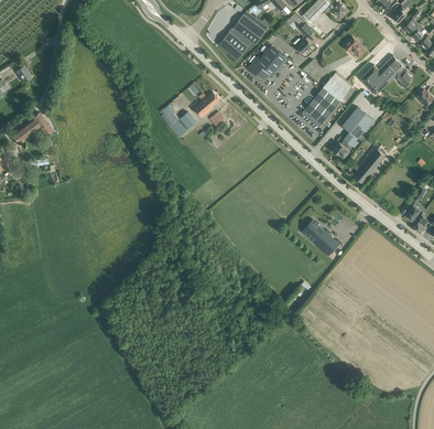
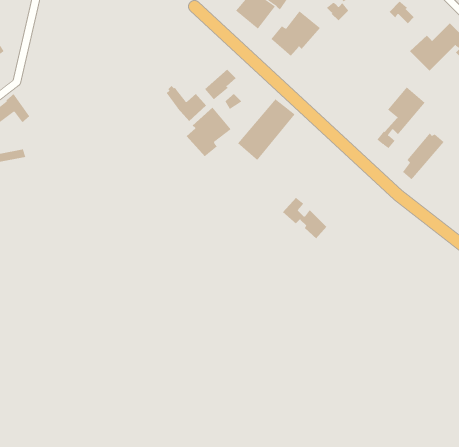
building: [302,77,349,128] -> [237,98,295,161]
building: none -> [186,107,231,157]
building: [303,221,339,255] -> [282,197,327,239]

